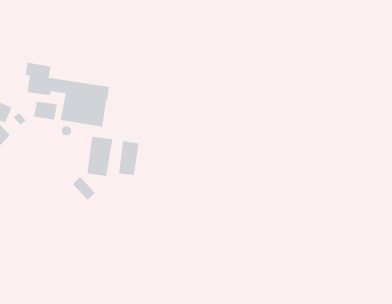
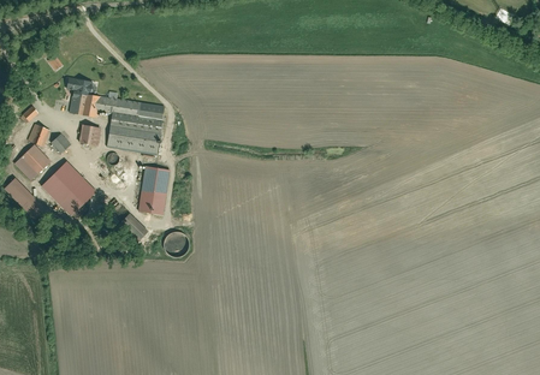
building: none -> [42,166,89,213]
building: [118,140,140,176] -> none

